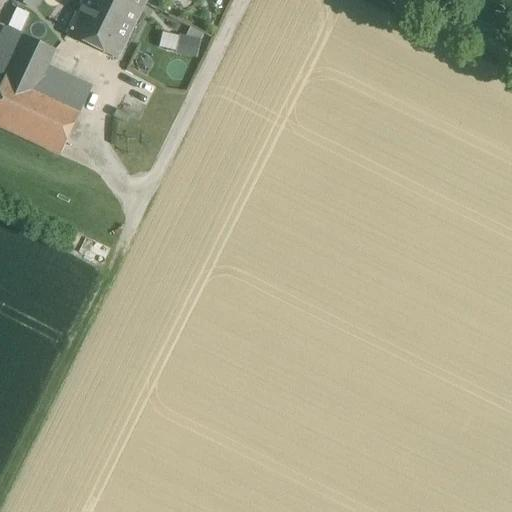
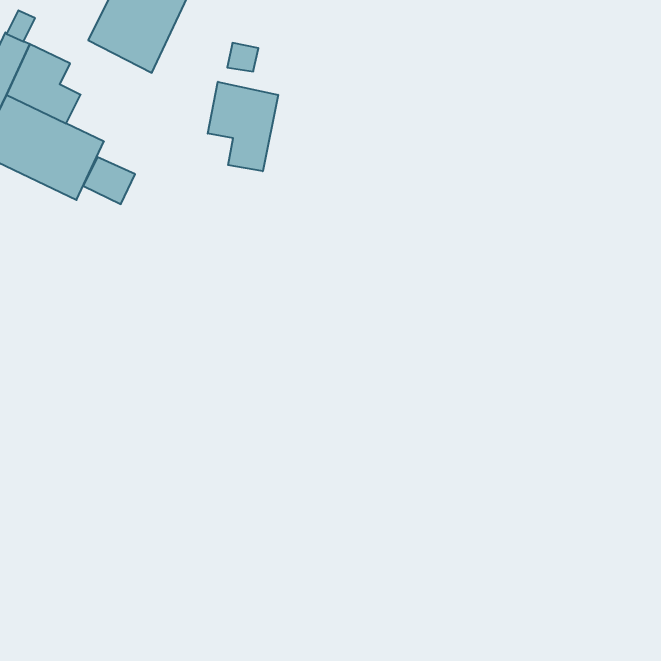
building: none -> [208,82,278,171]
building: [51,73,91,109] -> [83,157,135,204]

